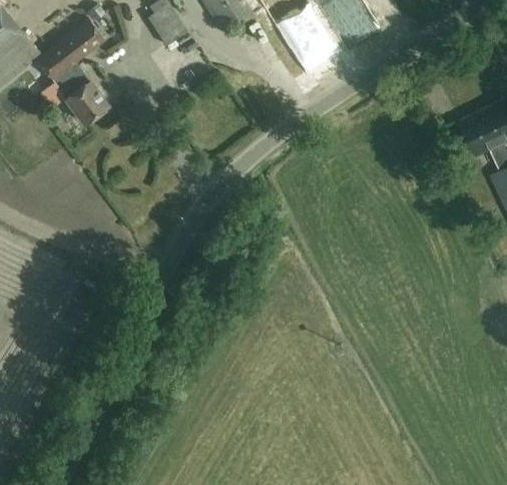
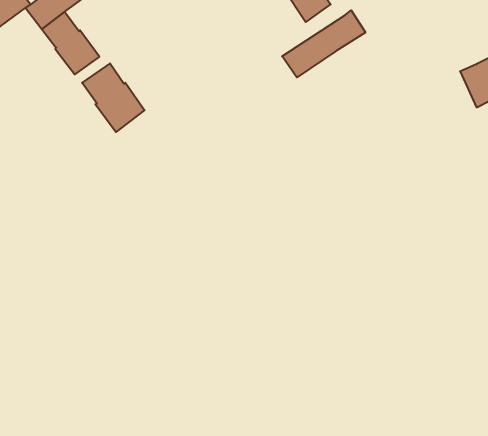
building: none -> [282,10,365,77]
building: none -> [82,63,145,132]

